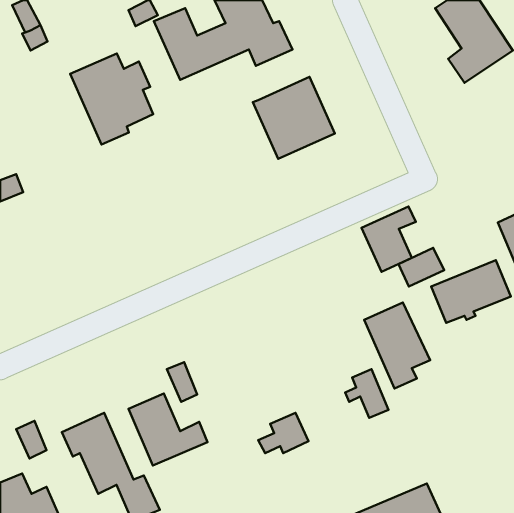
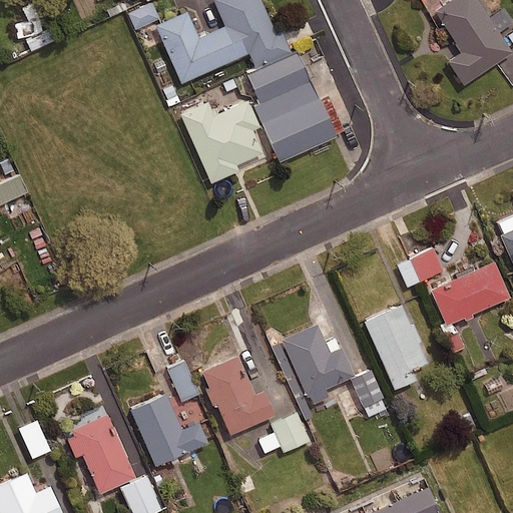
building: none -> [236,51,310,103]
building: [70,54,153,145] -> [179,92,262,182]
building: [362,206,416,272] -> none
building: none -> [273,324,354,405]
building: none -> [201,356,277,434]

